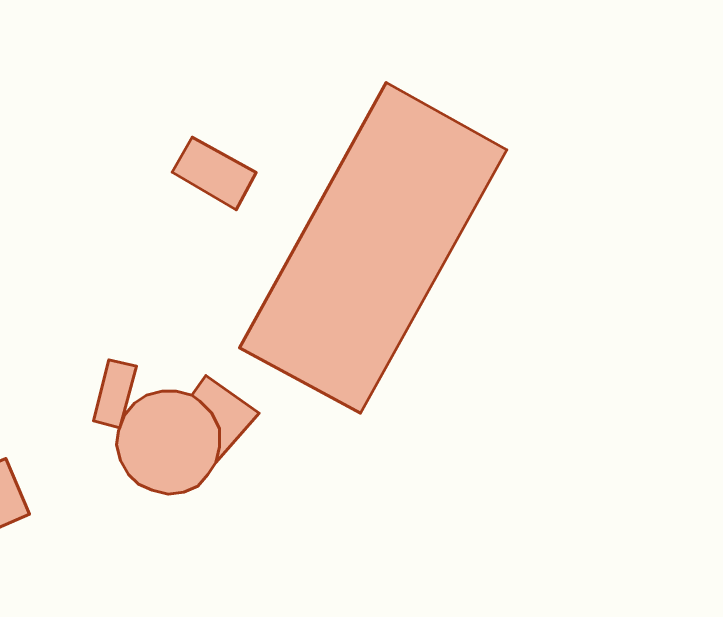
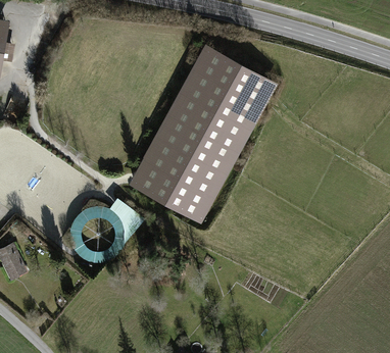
building: [172,137,256,210] -> none
building: [94,360,137,428] -> none

